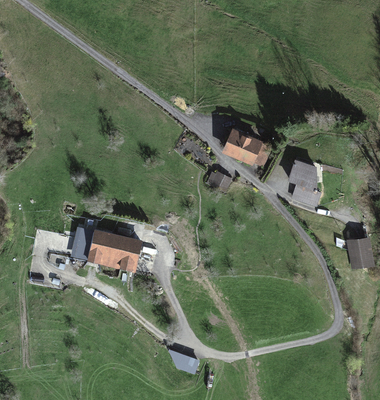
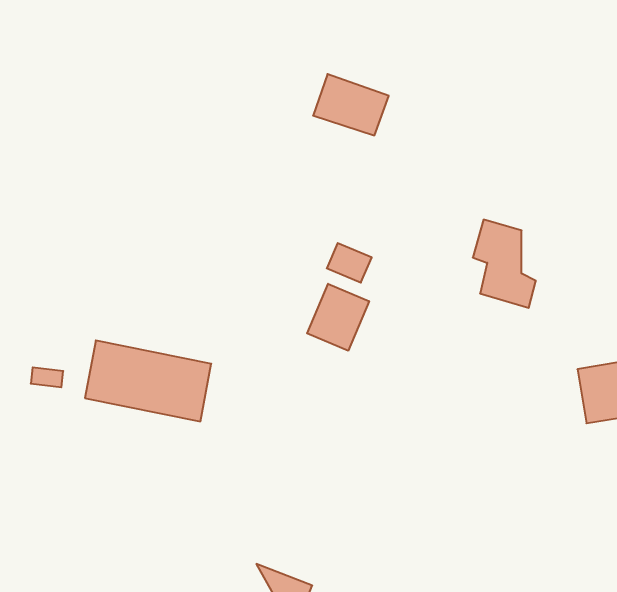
building: [221,129,263,163] -> [313,74,389,135]
building: none -> [307,284,369,351]

